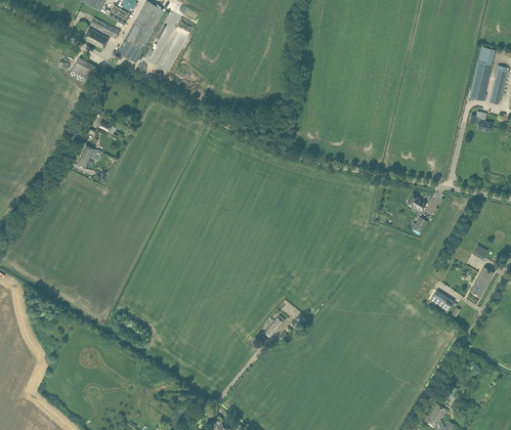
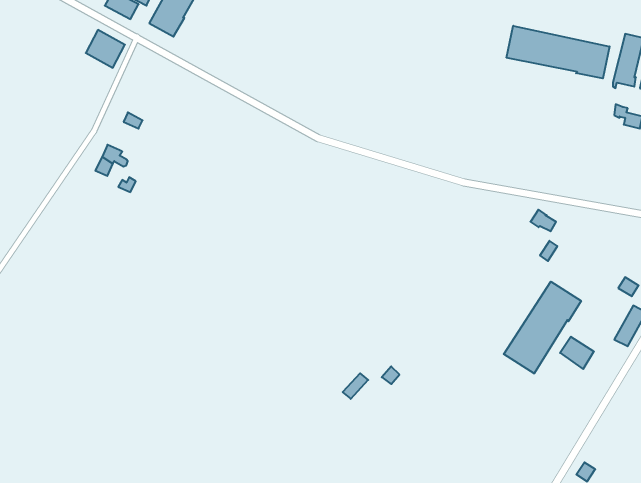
building: none -> [507,26,610,78]
building: none -> [504,282,581,374]

